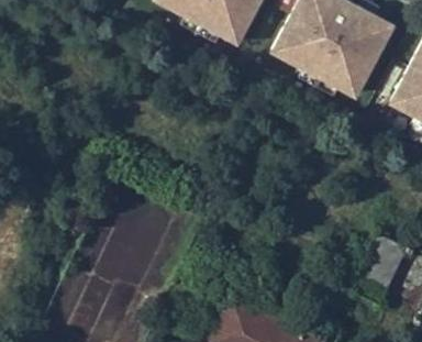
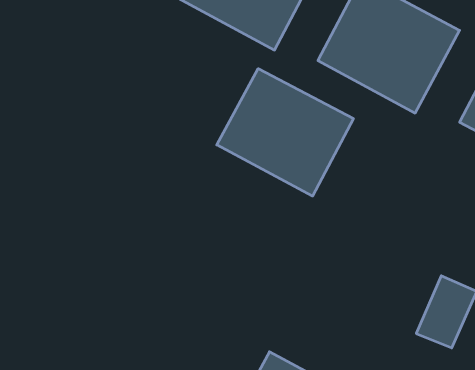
building: none -> [217,69,353,196]

